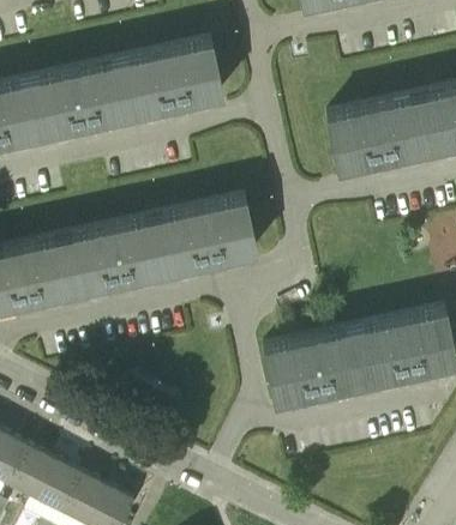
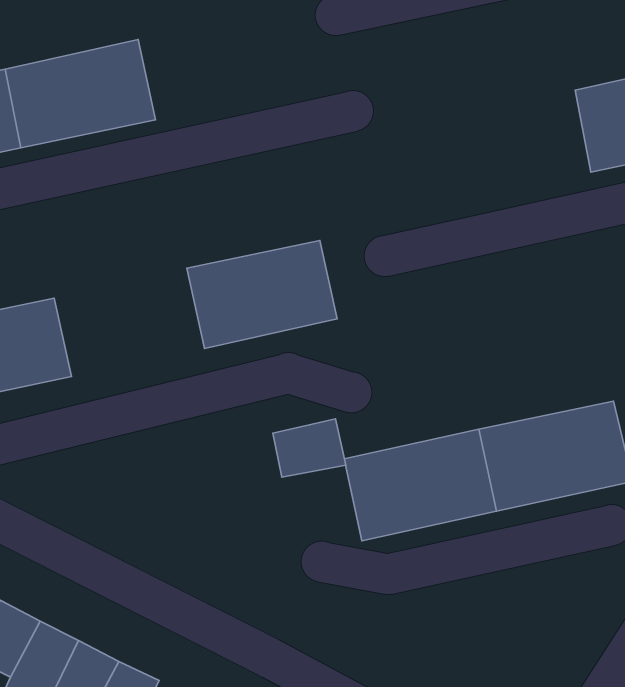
building: [118,37,221,111] -> none
building: [323,91,428,168] -> none
building: [60,213,163,288] -> none
building: none -> [273,419,346,477]

